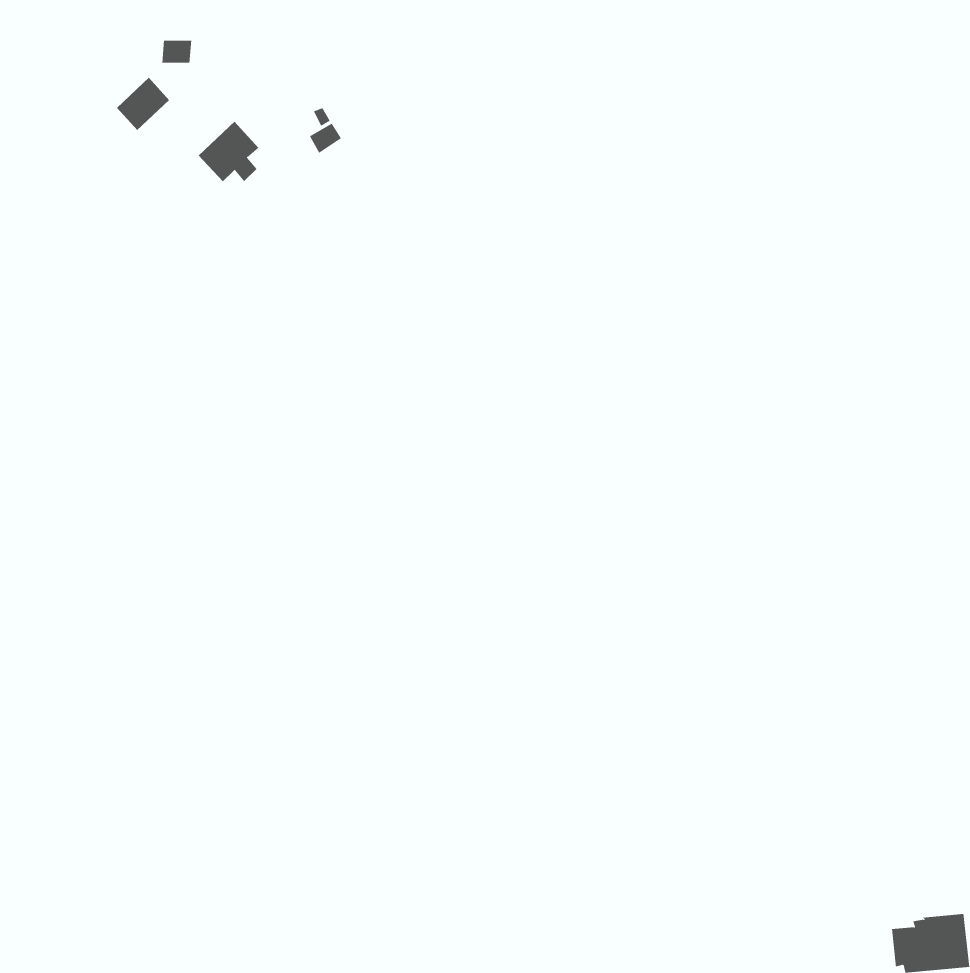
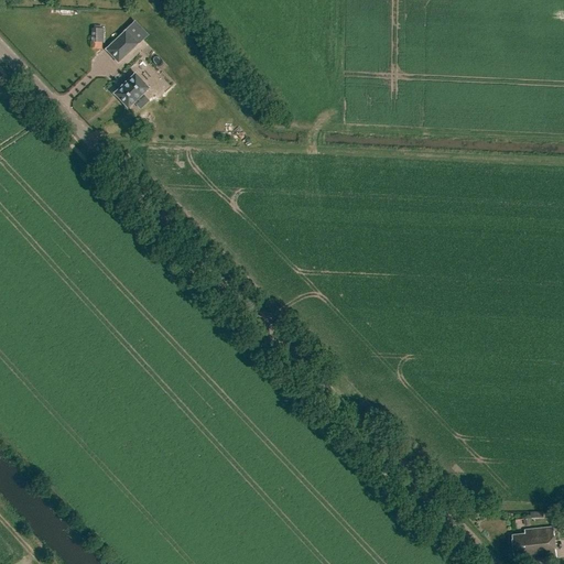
building: [116,77,170,131] -> [109,28,140,58]

